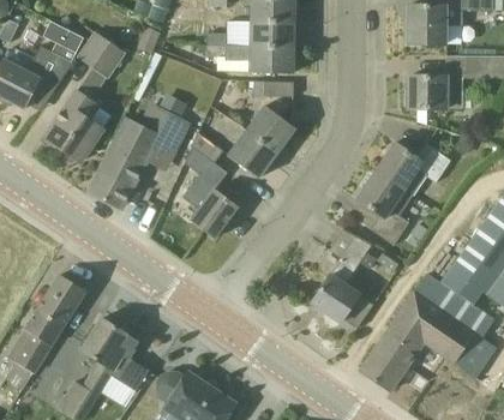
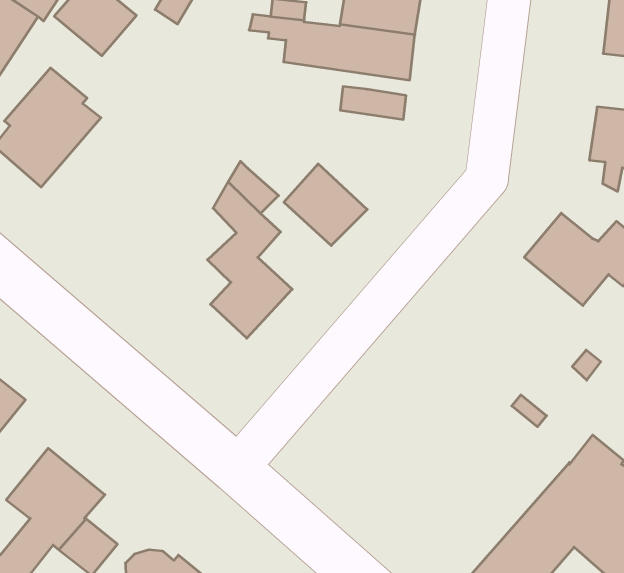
building: [90,101,192,208] -> none
building: [245,104,295,152] -> none
building: [356,170,413,245] -> none
building: [311,228,373,328] -> none

